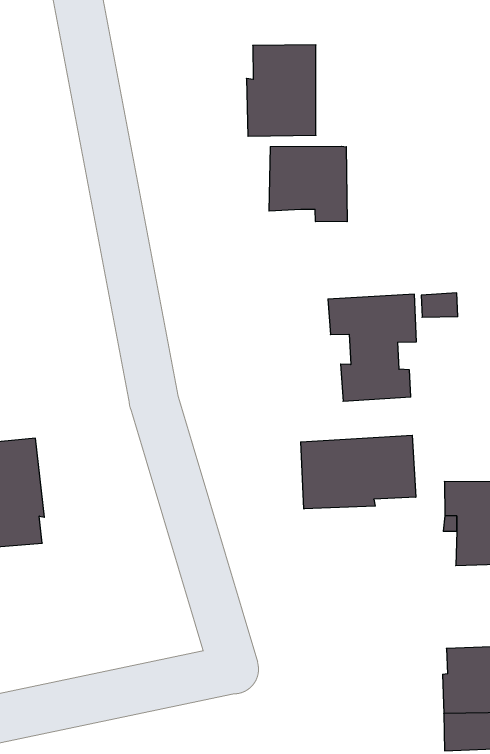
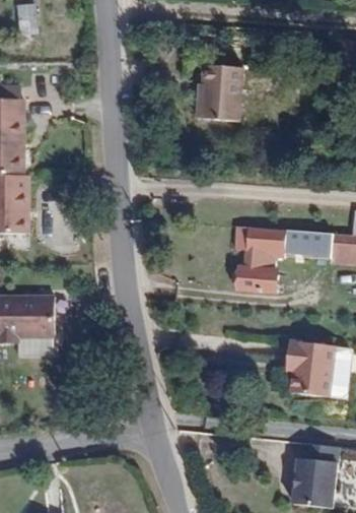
building: [269,146,347,222] -> none
building: [301,435,416,509] -> none

